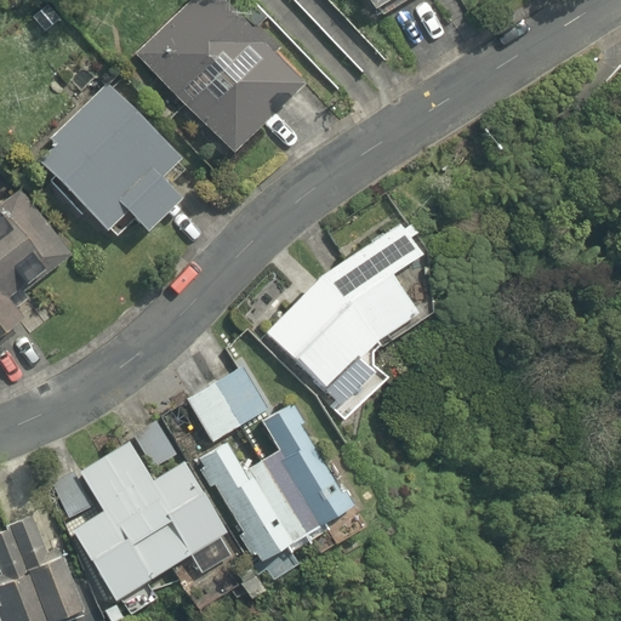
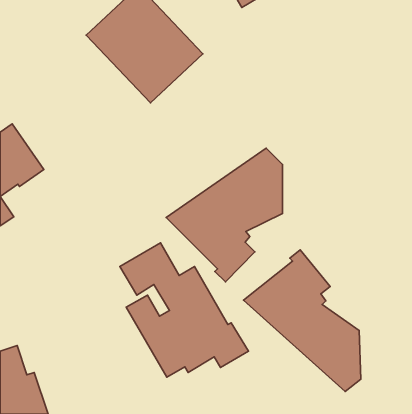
building: [35,87,180,238] -> none
building: none -> [244,250,361,392]
building: [42,417,227,604] -> none

